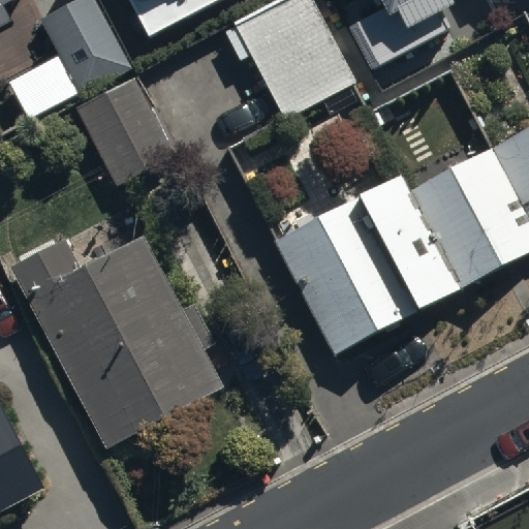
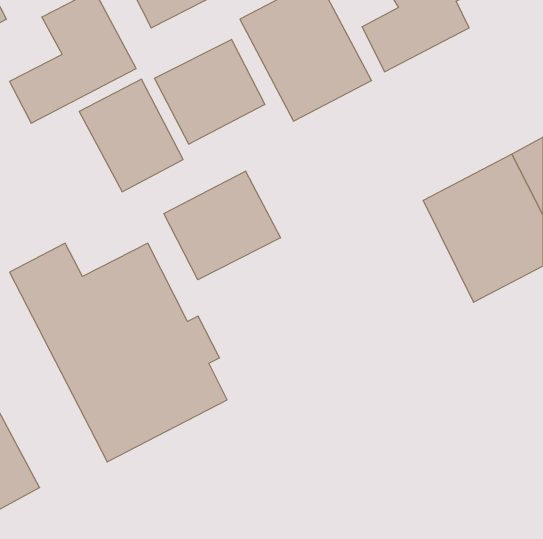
building: none -> [154,39,265,144]
building: none -> [164,171,281,280]
building: [275,178,457,355] -> none

